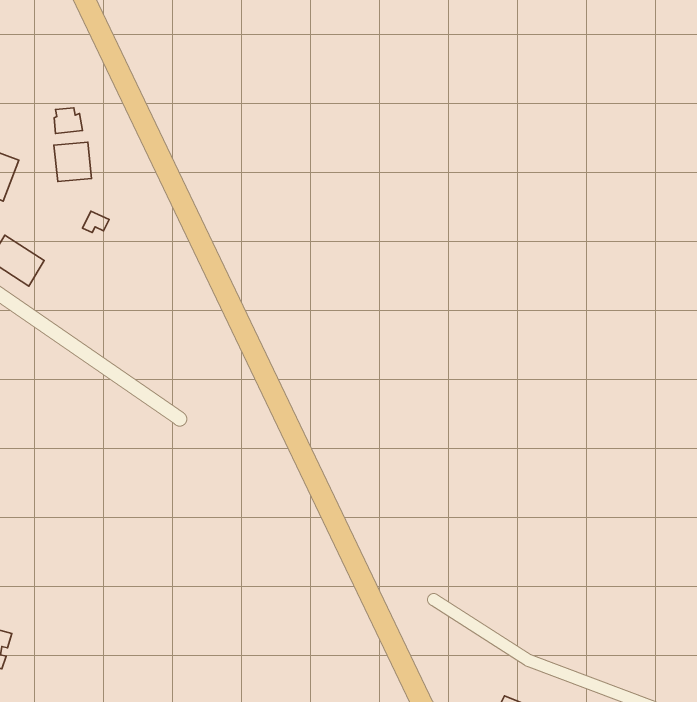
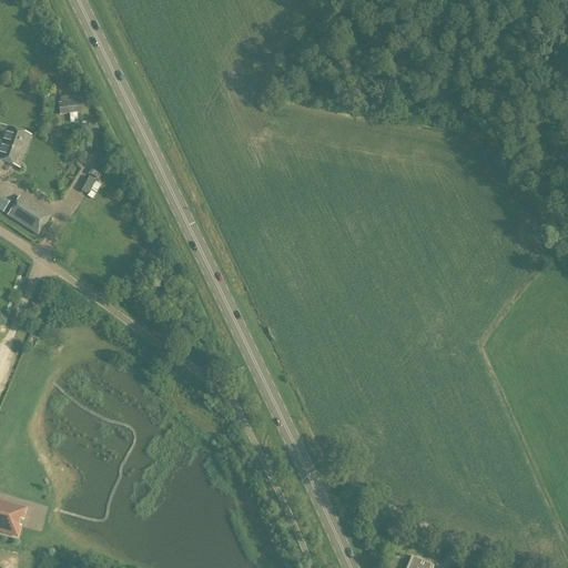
building: [54,142,92,181] -> none

